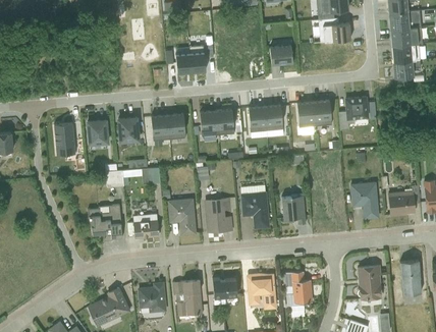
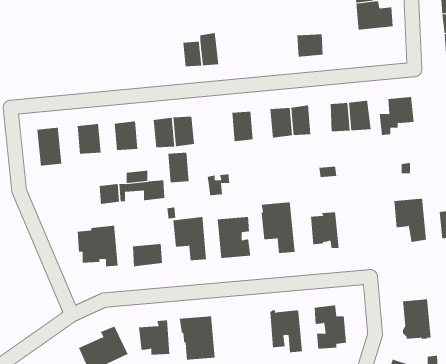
building: [200,110,218,135] -> [167,152,189,183]
building: [212,277,237,305] -> none

